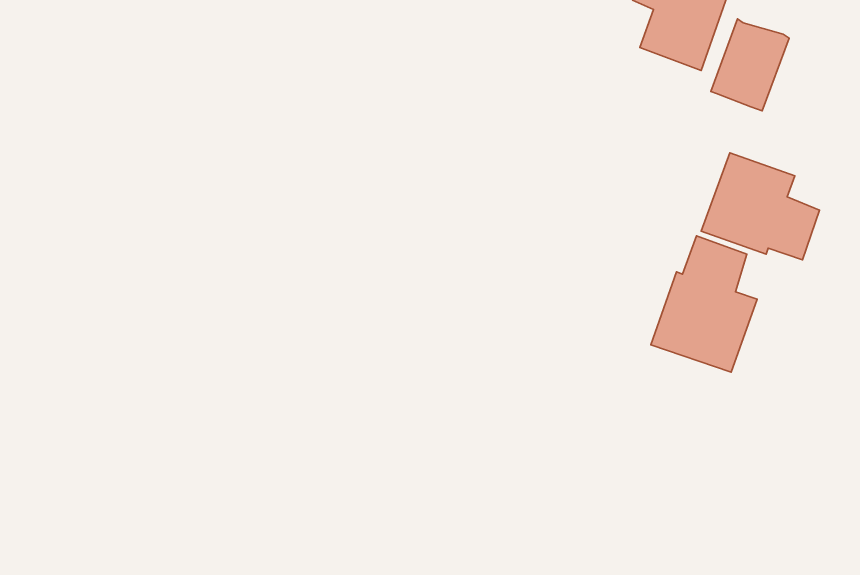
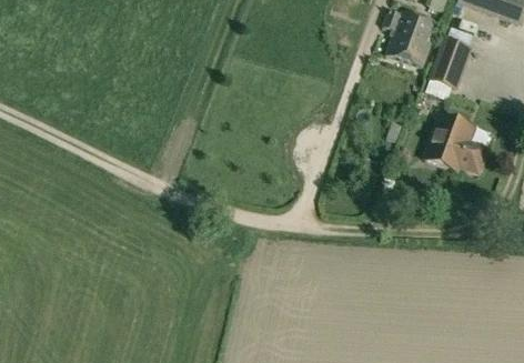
building: [651,236,757,372] -> none

